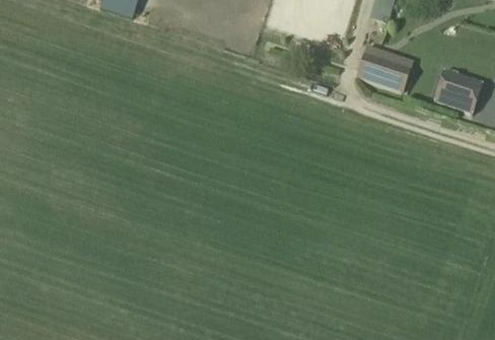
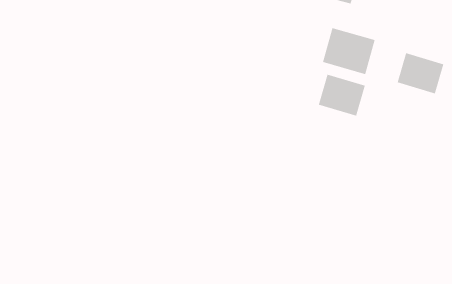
building: none -> [318,74,365,117]

